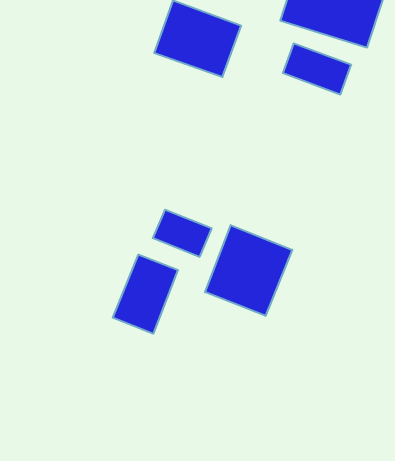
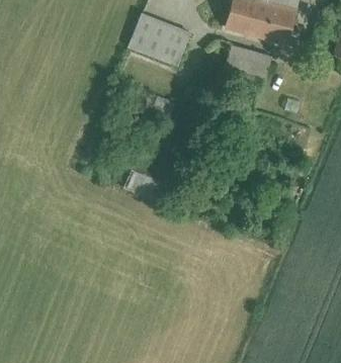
building: [205,225,292,316] -> none
building: [113,255,178,334] -> none

